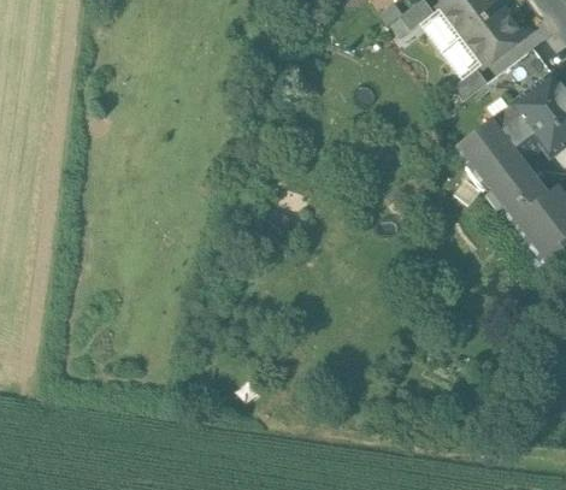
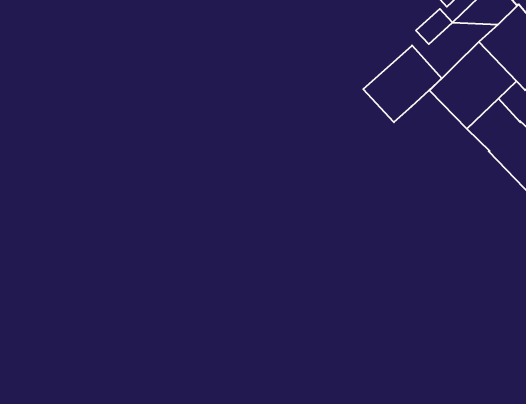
building: none -> [363,45,442,122]

